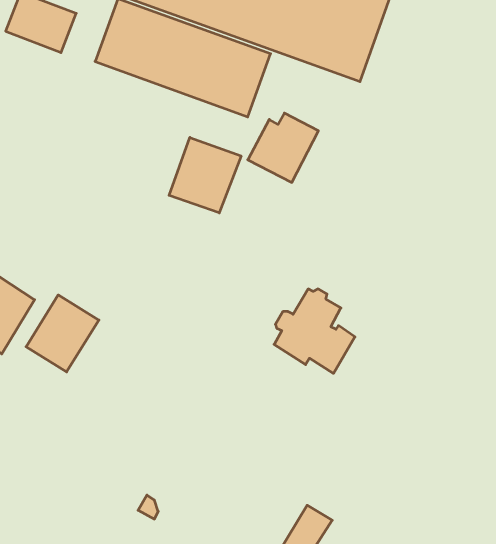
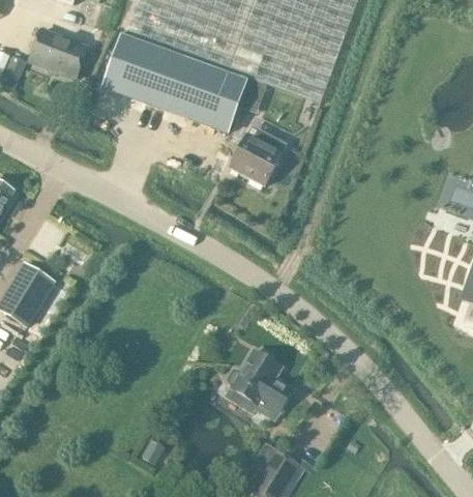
building: [169,137,241,213] -> none
building: [274,289,355,373] -> [226,350,292,419]
building: [26,295,99,372] -> none

